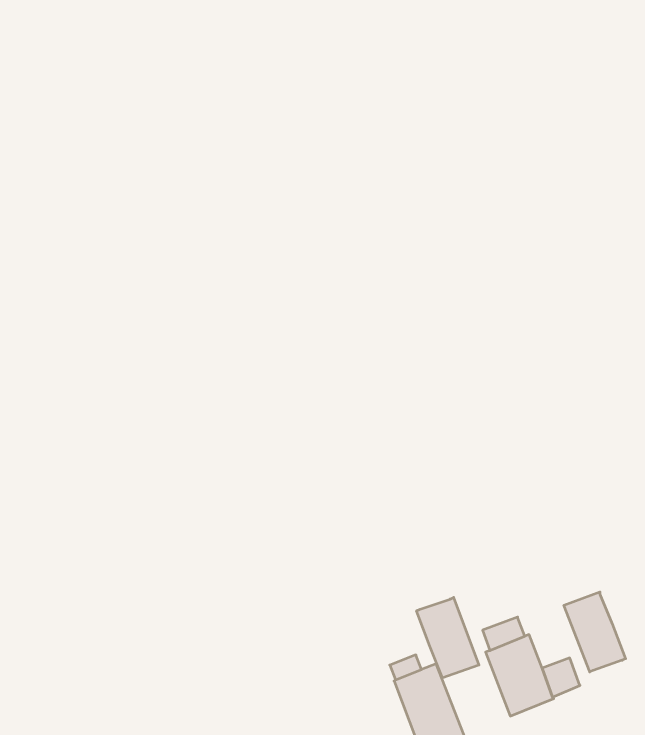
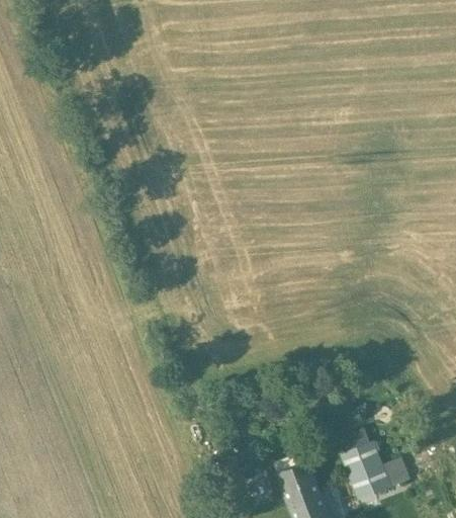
building: [564,592,626,672] -> none
building: [417,597,479,678] -> none

